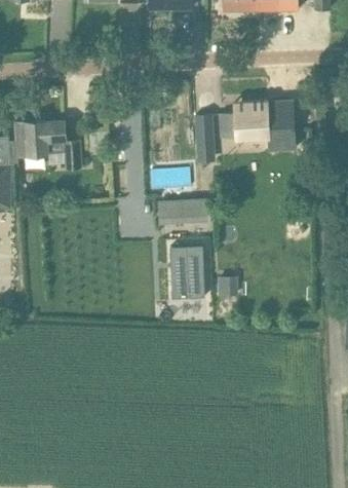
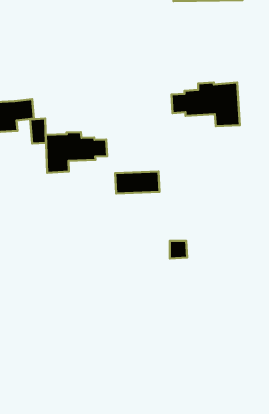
building: [194,114,214,162] -> none
building: none -> [46,132,107,173]
building: [169,247,203,298] -> none

